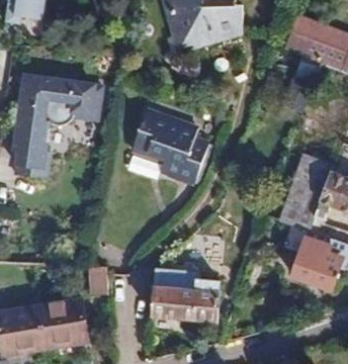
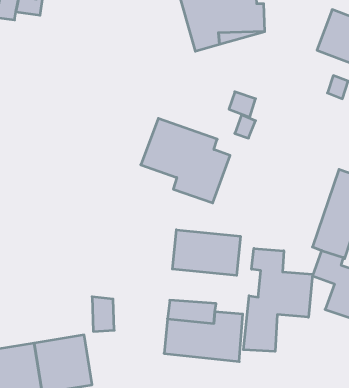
building: [13,74,102,178] -> none
building: none -> [172,230,240,275]
building: none -> [243,248,312,351]

